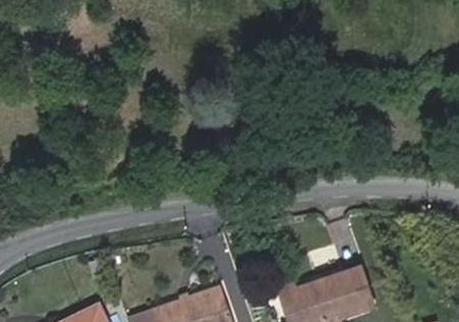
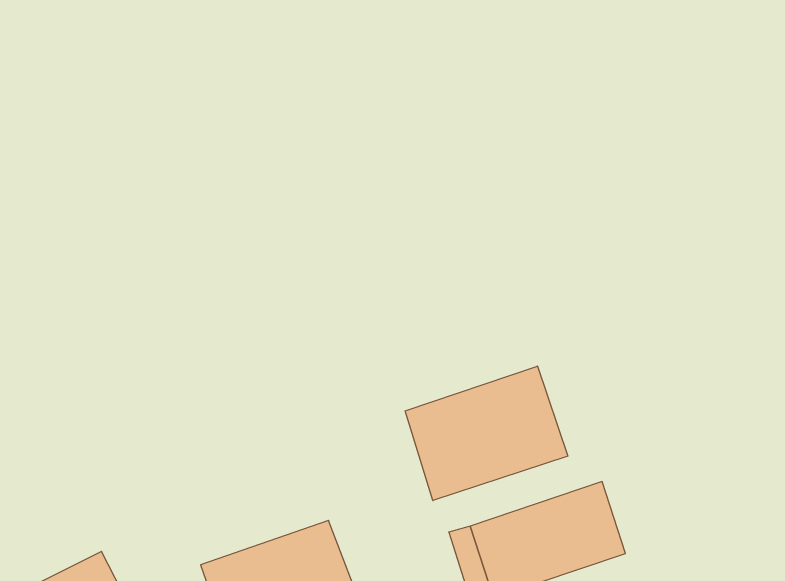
building: none -> [405,366,568,501]

